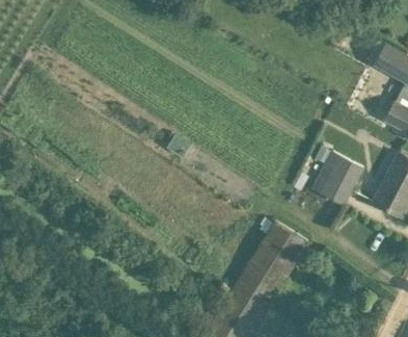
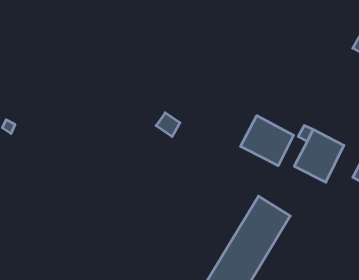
building: none -> [241,116,294,166]

